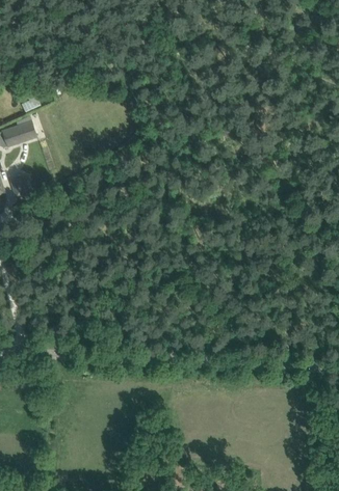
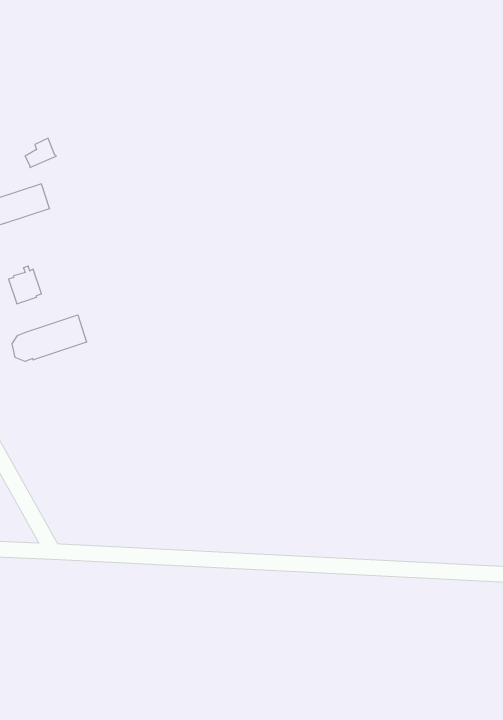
building: none -> [12,315,87,361]

